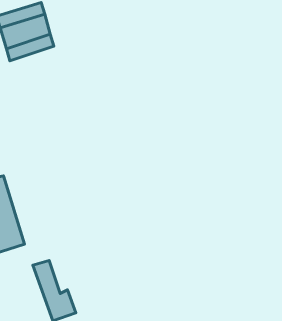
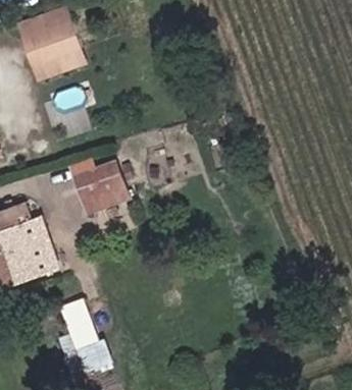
building: none -> [70,157,120,205]

